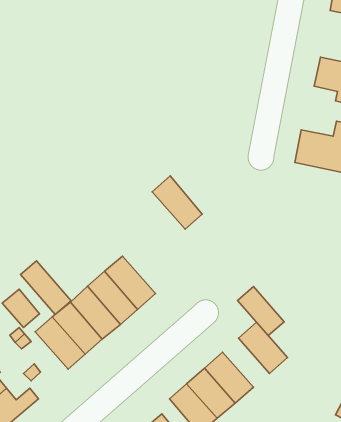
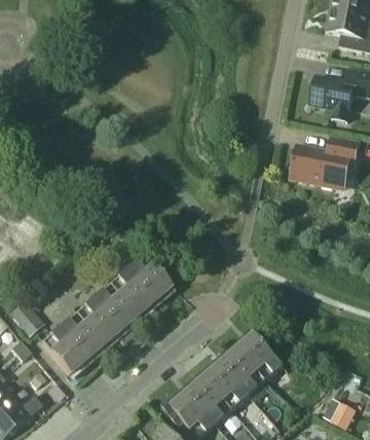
building: [152,176,202,229] -> [124,252,173,303]
building: [21,261,71,315] -> none
building: [237,287,284,336] -> [221,346,266,394]

